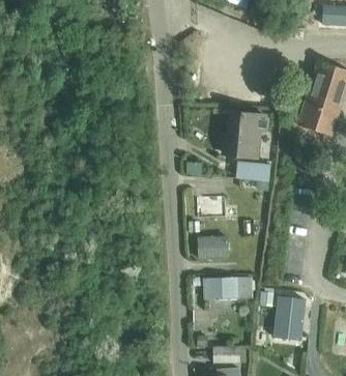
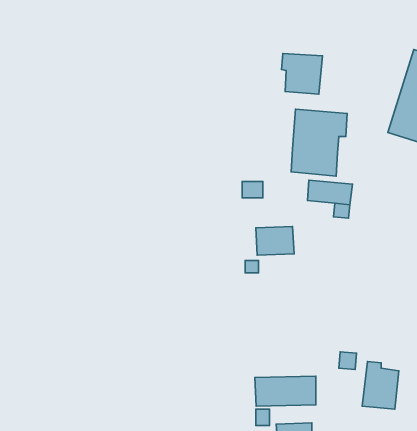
building: none -> [281,53,322,94]
building: [197,236,229,260] -> none
building: [204,278,251,300] -> [255,376,316,406]

